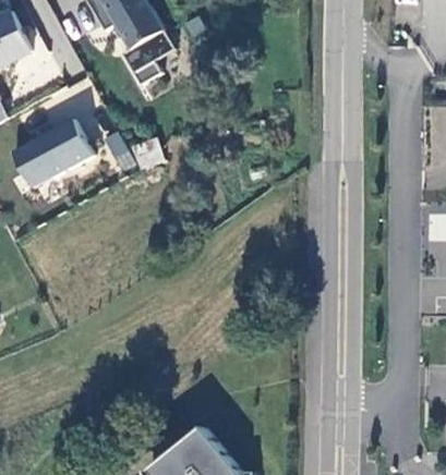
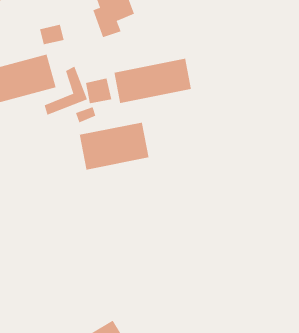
building: none -> [114,58,192,104]
building: none -> [79,122,149,170]

